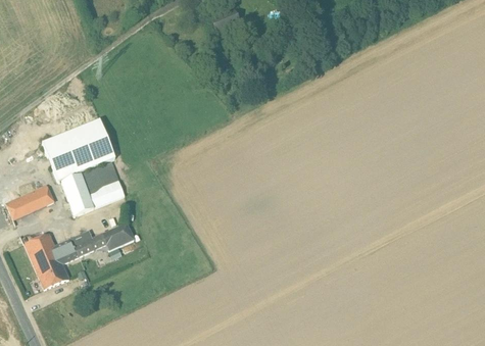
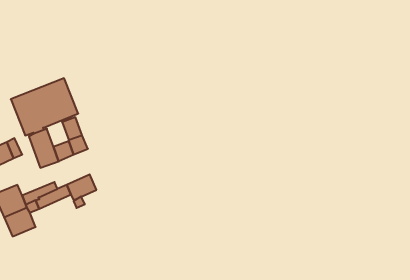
building: [81,166,104,193] -> none

